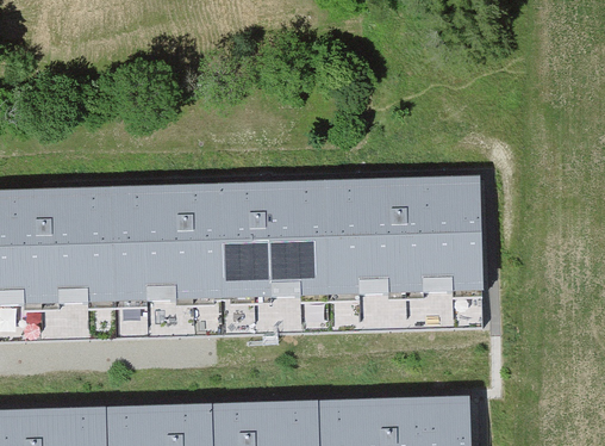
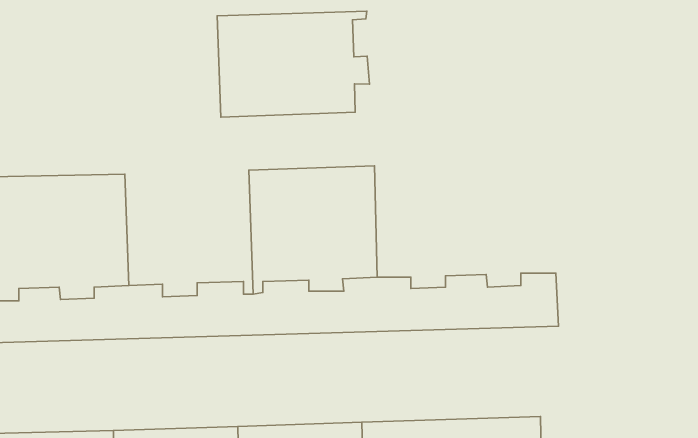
building: none -> [217,11,370,117]
building: [326,175,481,285] -> none
building: [113,184,223,292] -> none

